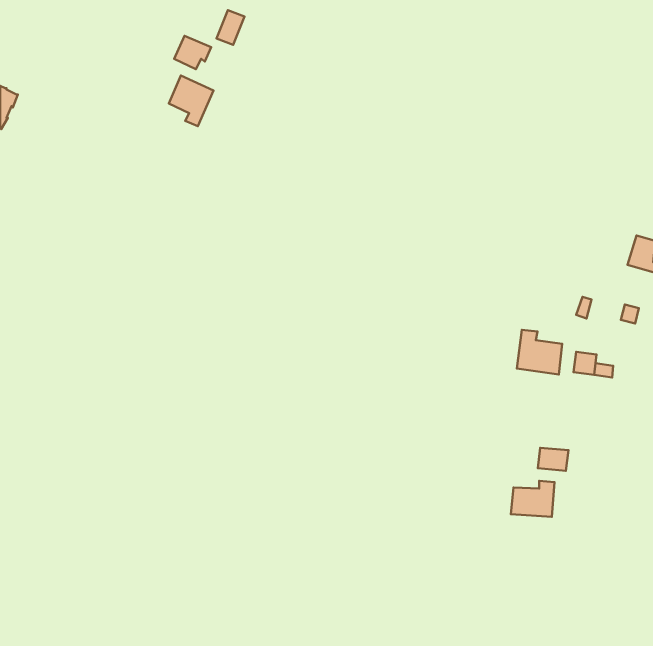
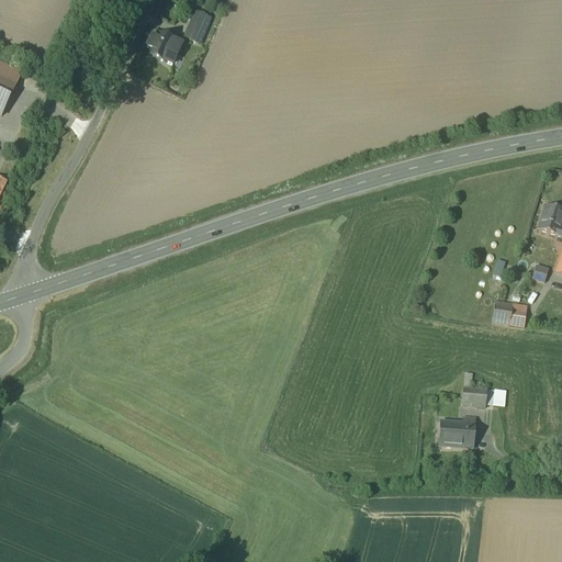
building: [169,75,214,126] -> none
building: [517,330,562,374] -> none

